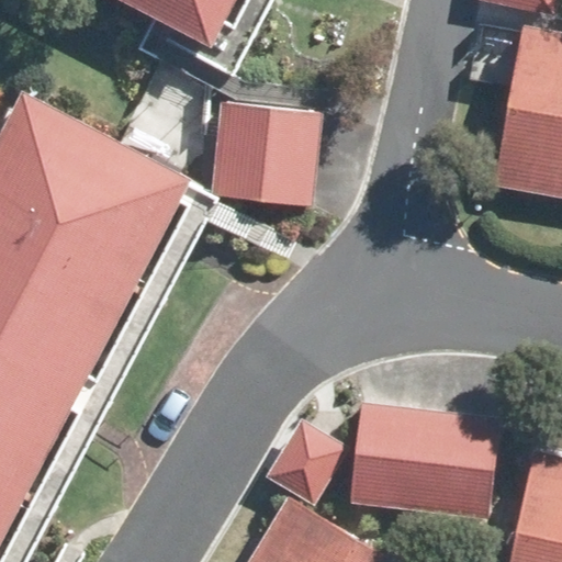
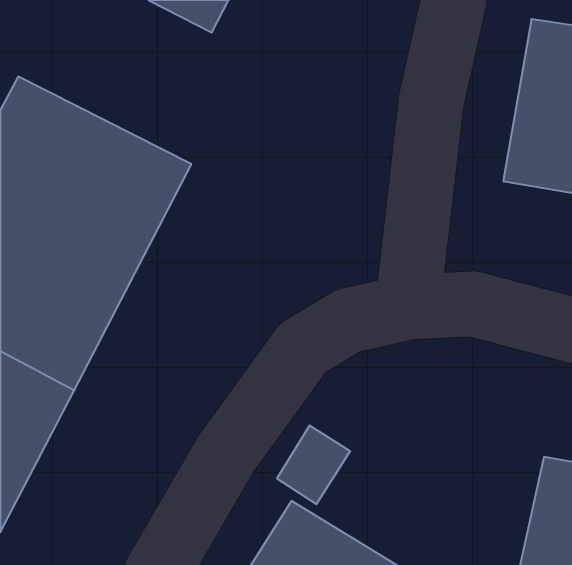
building: [213,108,322,206] -> none
building: [347,404,498,519] -> none

